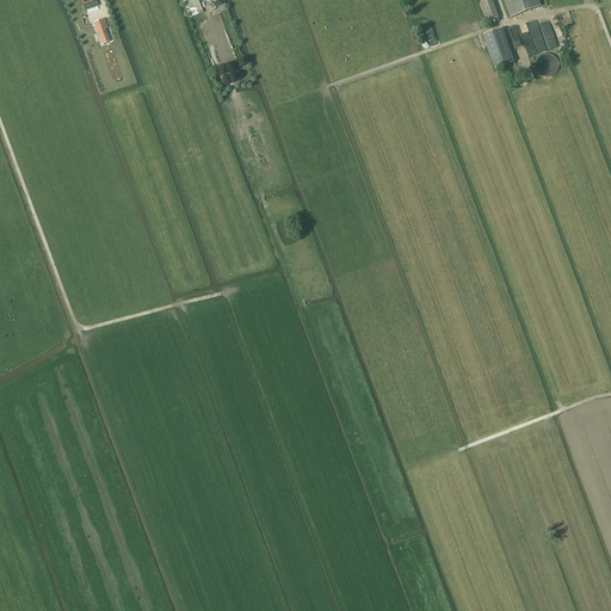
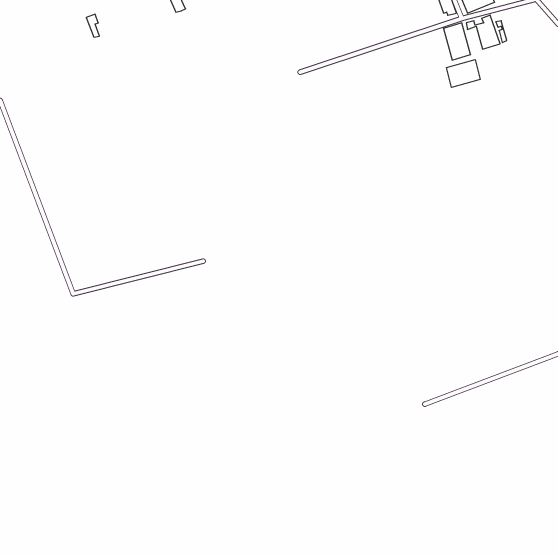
building: none -> [446,60,480,87]

